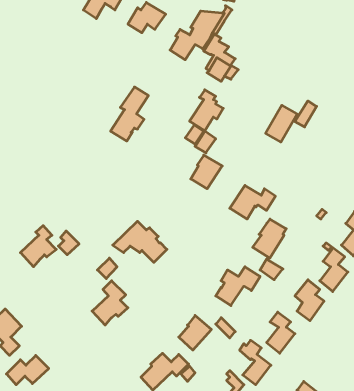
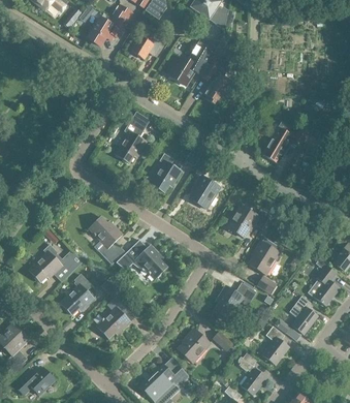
building: [190,90,223,131] -> [150,154,182,193]
building: none -> [89,217,125,265]
building: none -> [60,277,94,315]

